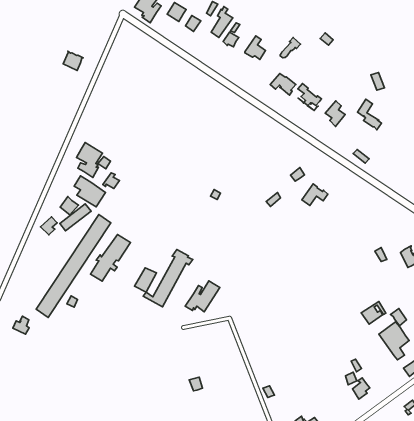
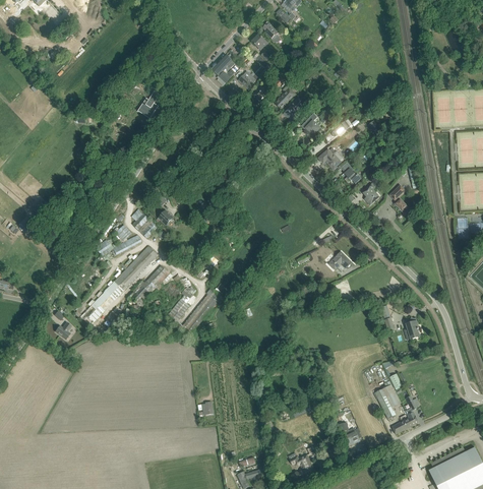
building: [76,142,103,177] -> none
building: [185,281,220,312] -> none

